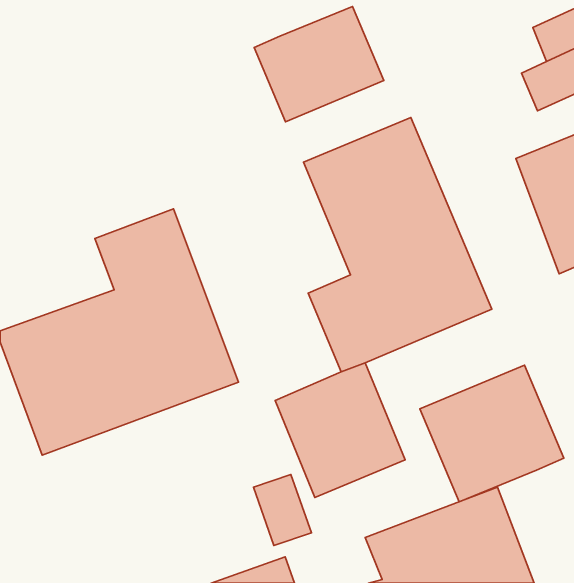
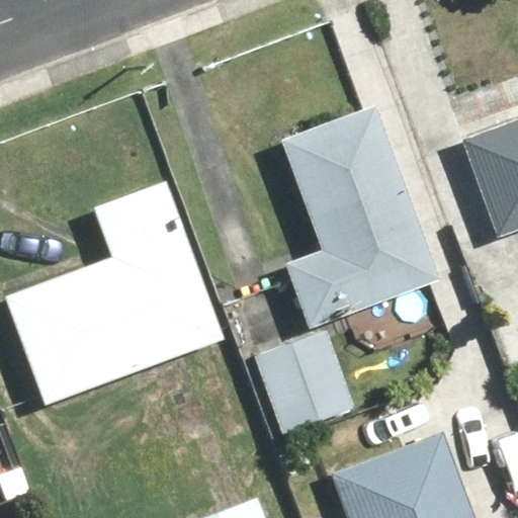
building: [254,7,384,122] -> none
building: [420,365,564,502] -> none

